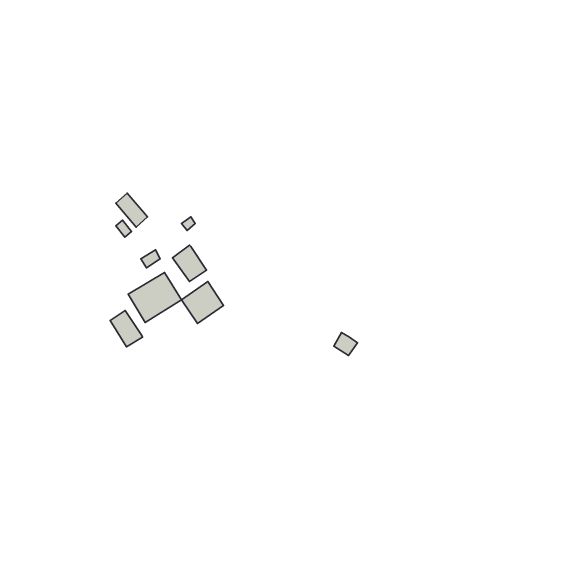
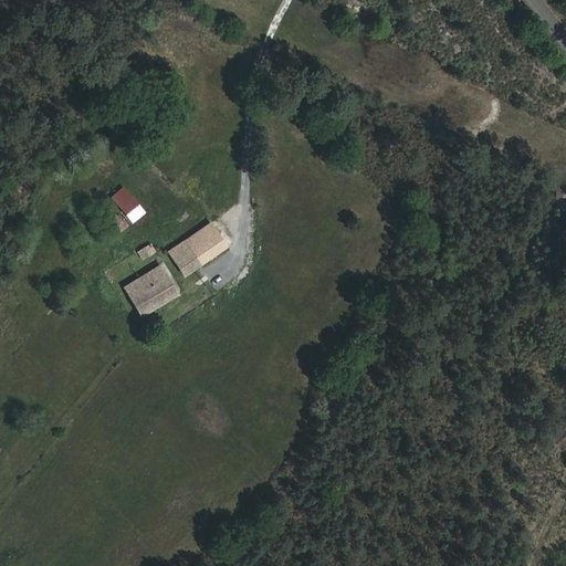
building: [182,282,224,324] -> [186,222,227,263]
building: [110,310,143,347] -> none

